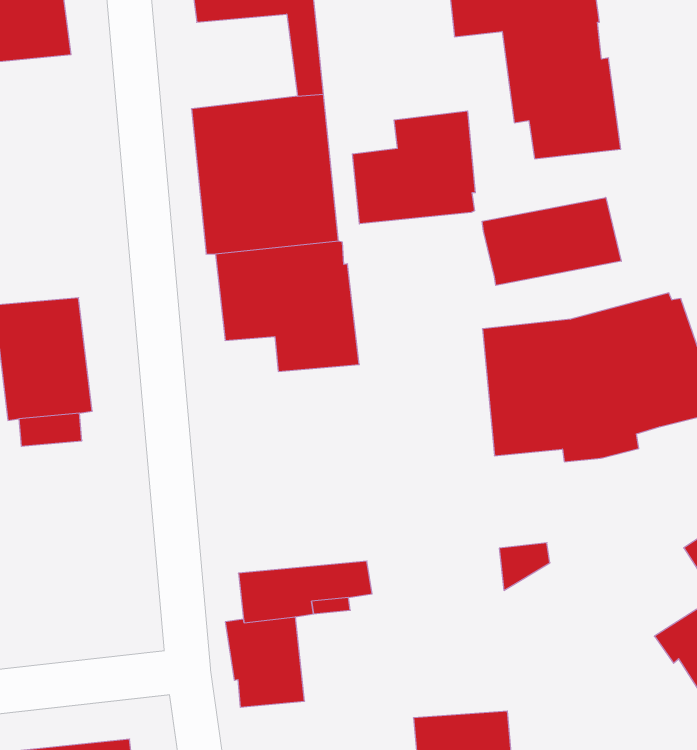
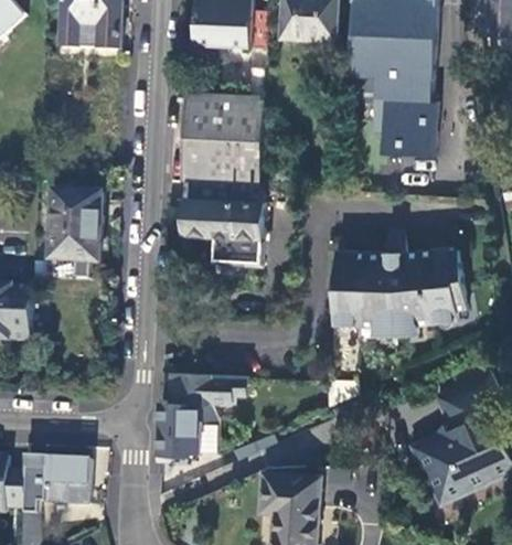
building: [352,111,475,224] -> none
building: [482,197,621,285] -> none

